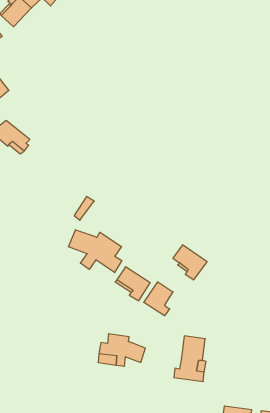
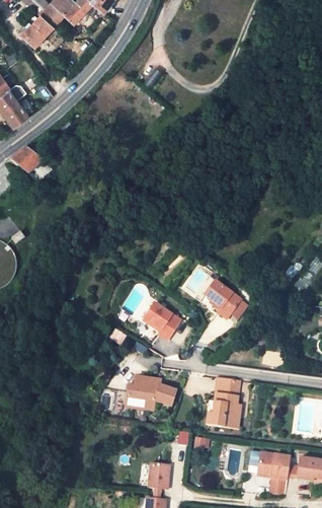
building: [68,230,122,273] -> none
building: [144,282,173,316] -> none

